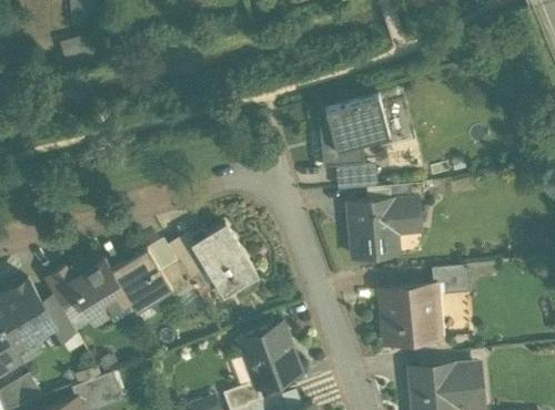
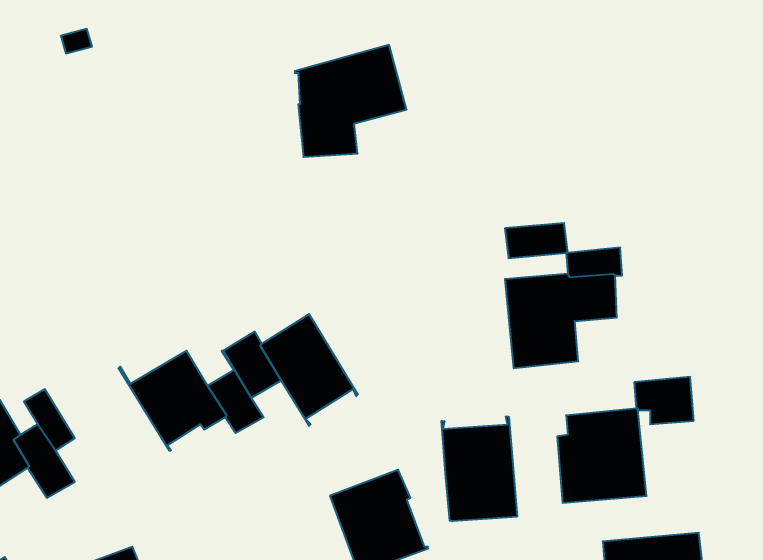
building: [317,96,389,167] -> [295,45,407,157]
building: [70,260,137,321] -> none
building: none -> [442,416,517,521]

